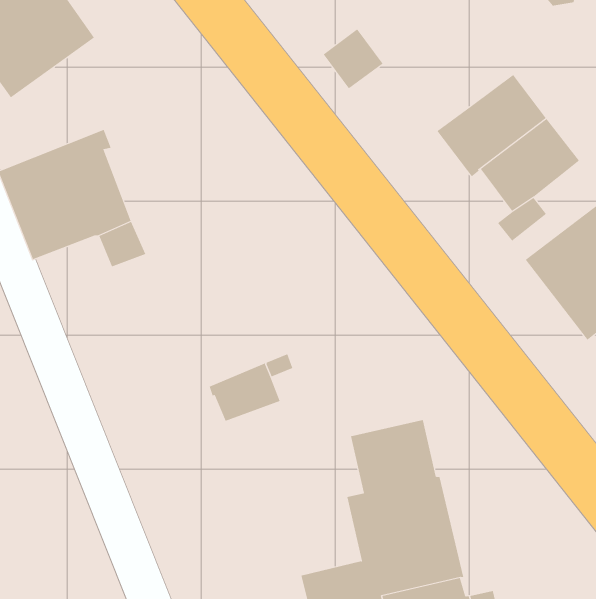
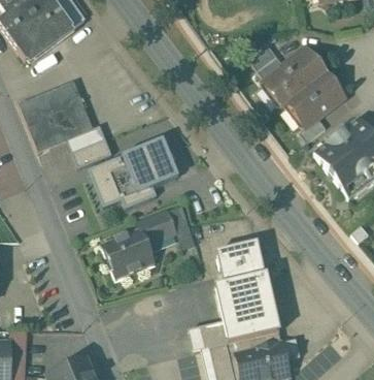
building: [323,29,383,89] -> [250,45,284,80]
building: none -> [88,137,179,208]
building: none -> [102,228,155,279]

